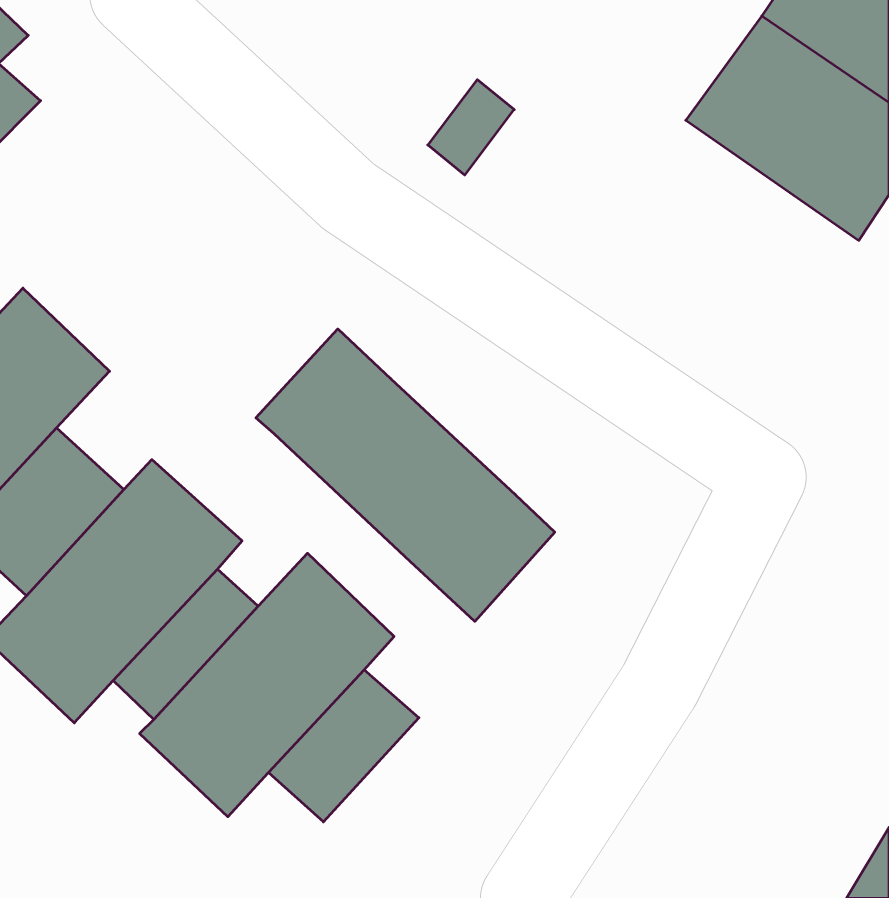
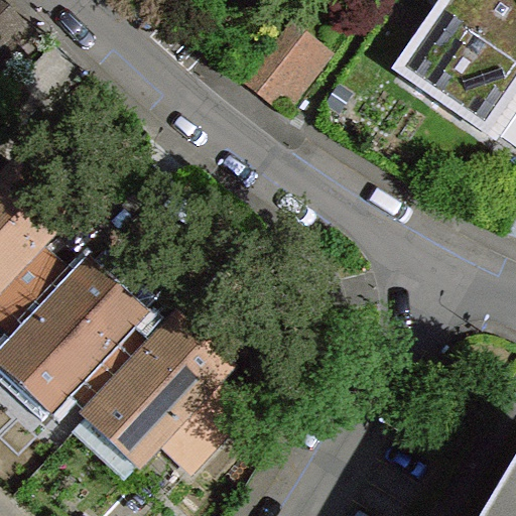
building: [256,329,555,621] -> none

